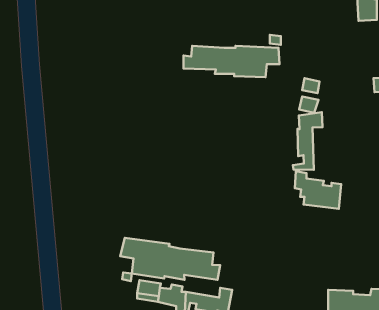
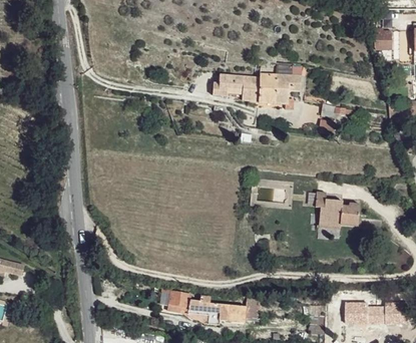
building: [293,112,322,170] -> none
building: [120,238,220,280] -> none

